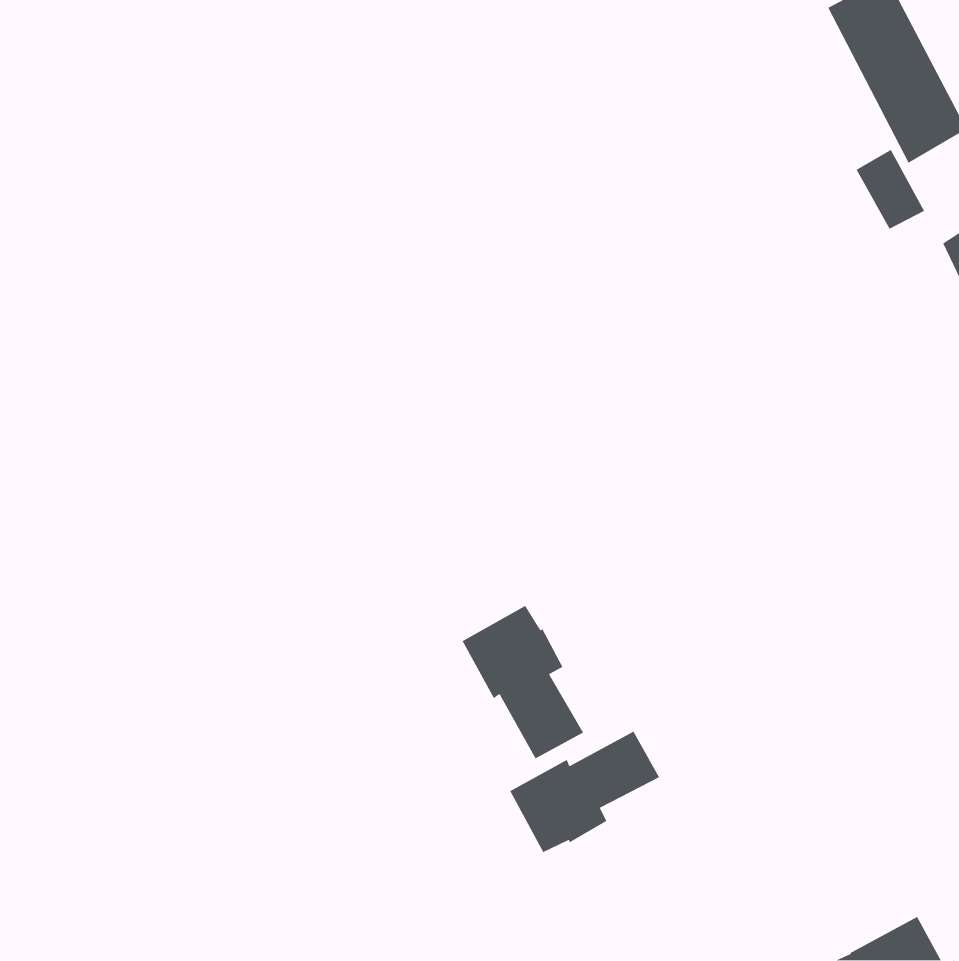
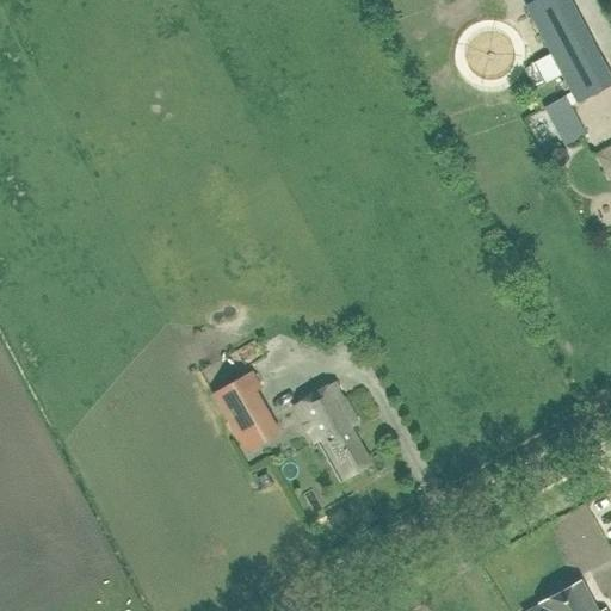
building: none -> [215,371,282,451]
building: [509,730,660,853] -> none

